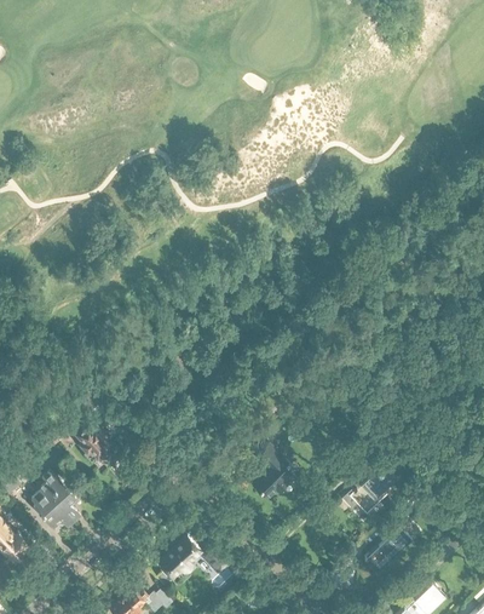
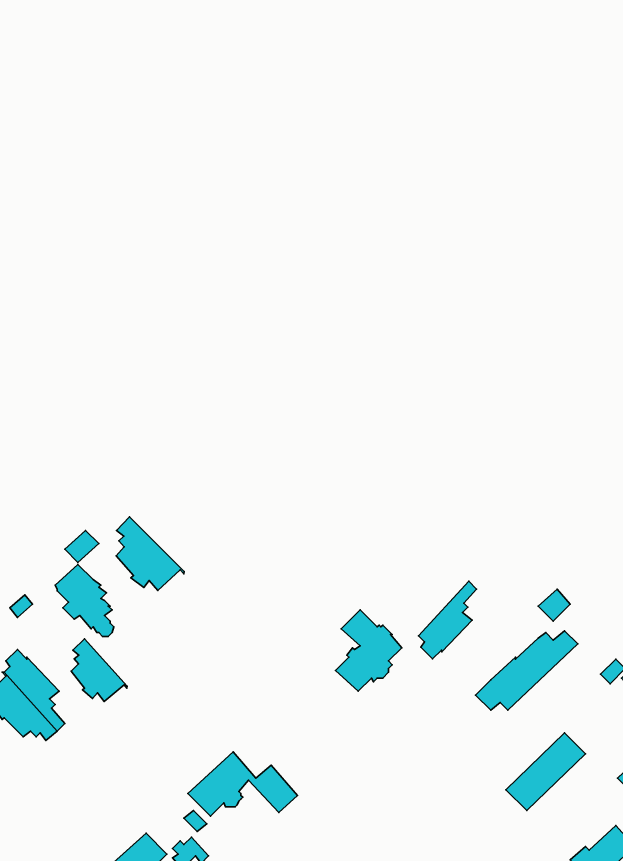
building: none -> [116,517,184,590]
building: none -> [419,581,476,659]
building: none -> [71,639,127,701]

